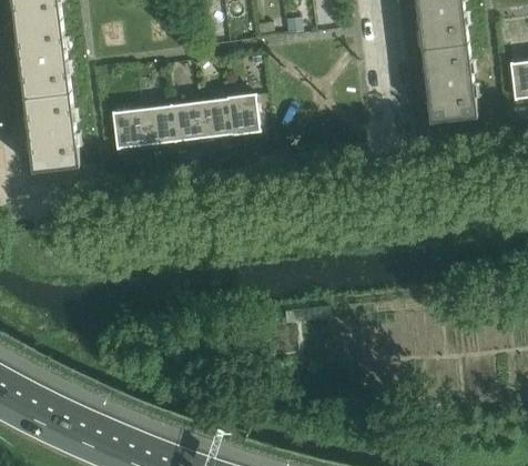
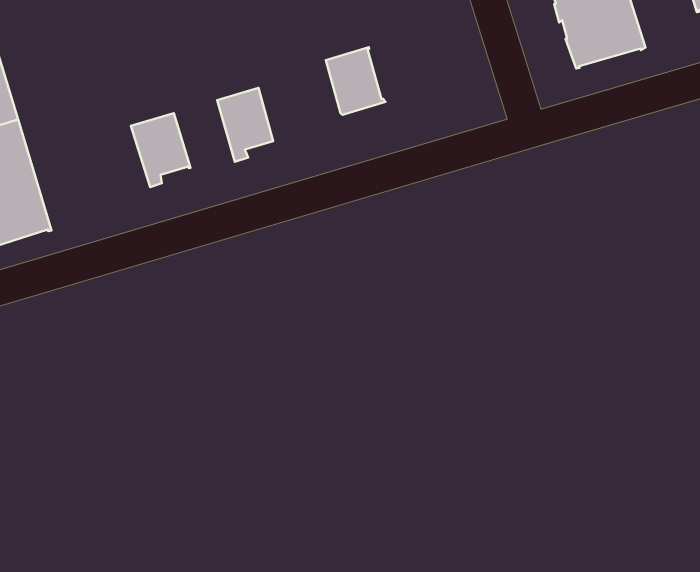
building: [226,94,260,134] -> [326,47,386,115]
building: [170,101,203,143] -> none
building: [112,108,146,150] -> none

